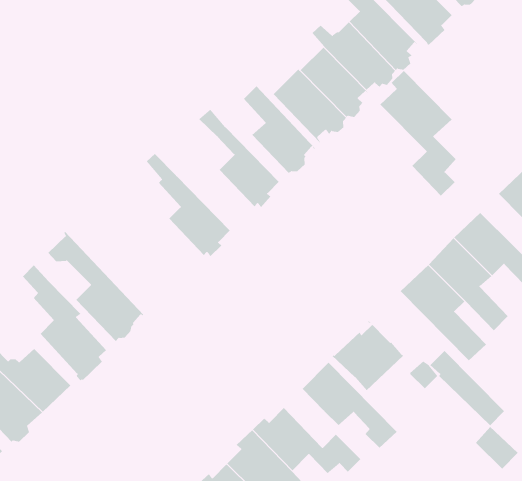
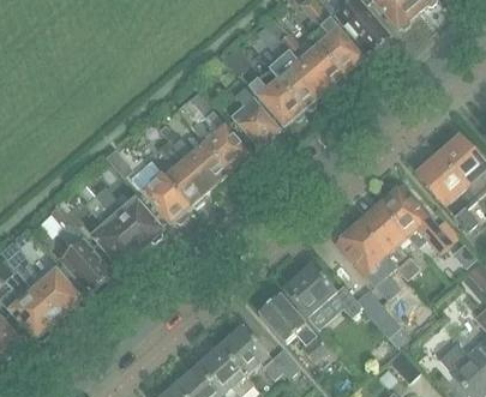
building: [379,70,456,196] -> none
building: none -> [173,137,230,188]
building: none -> [142,173,190,223]
building: none -> [85,174,163,248]

